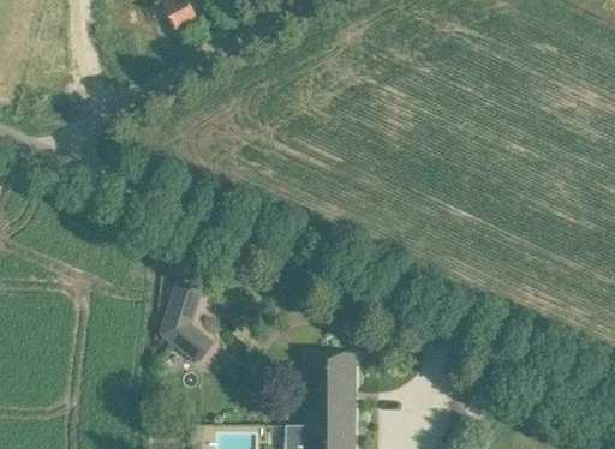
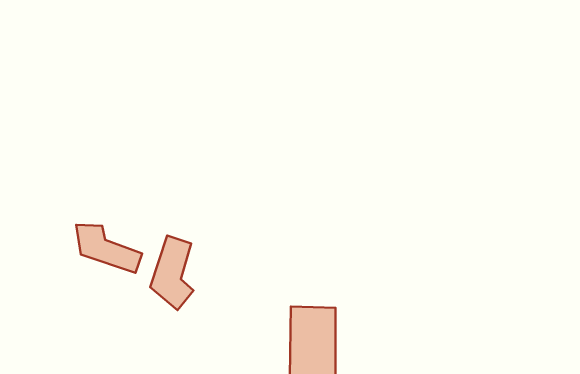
building: none -> [76,225,142,273]

